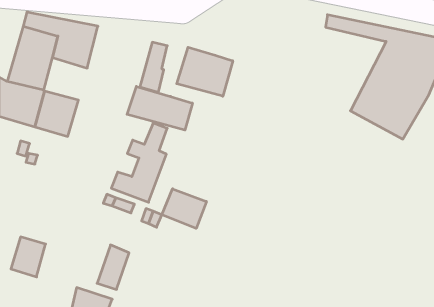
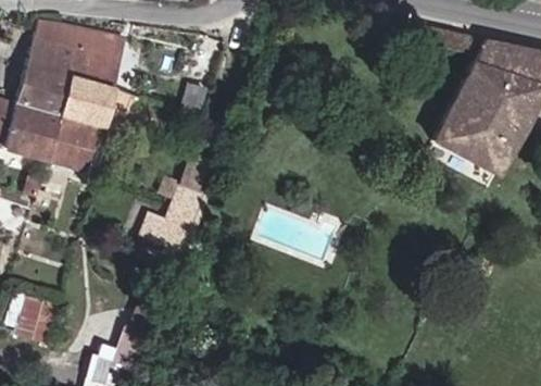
building: [177,47,233,96] -> none
building: none -> [60,75,113,127]
building: [127,86,192,130] -> none
building: [162,189,206,228] -> none

